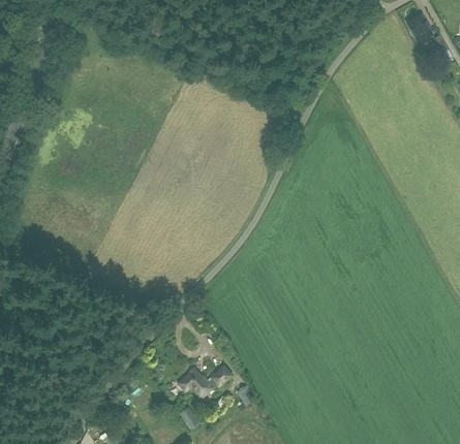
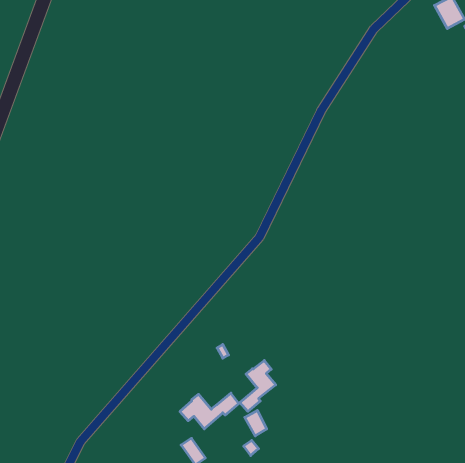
building: none -> [240,360,276,411]

